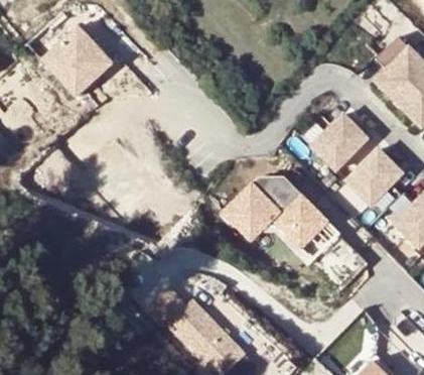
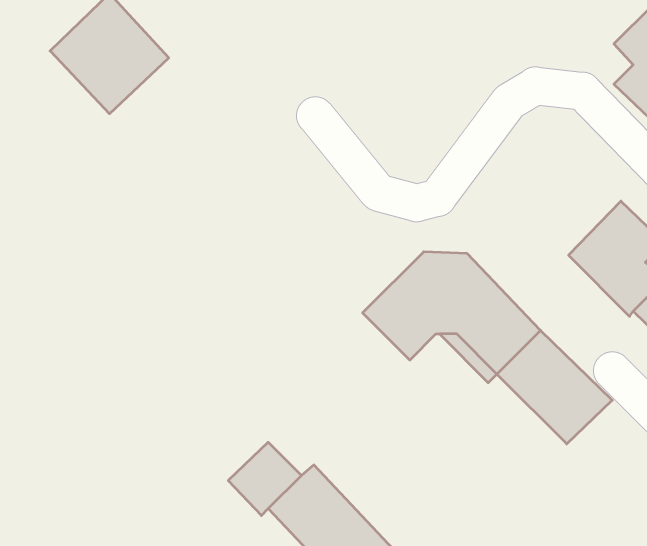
building: [299,114,366,169] -> none

